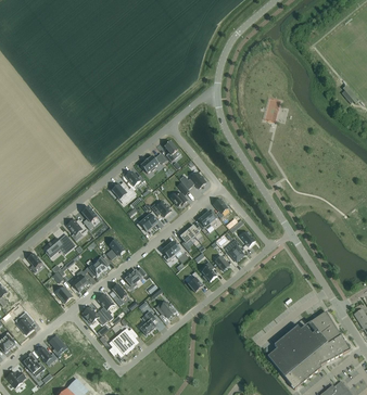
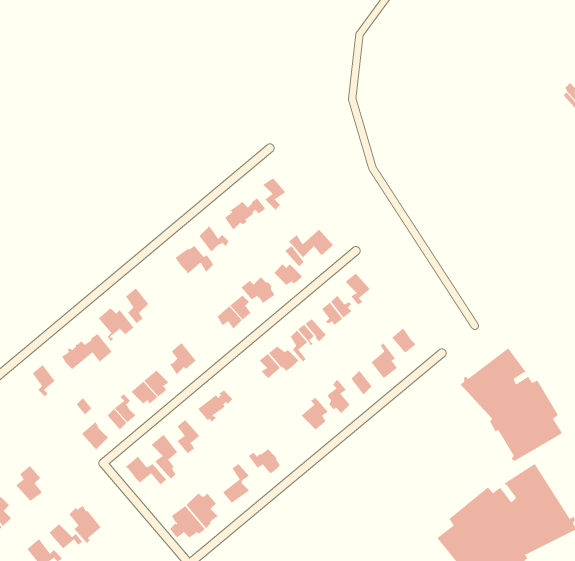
building: none -> [460,347,563,462]

